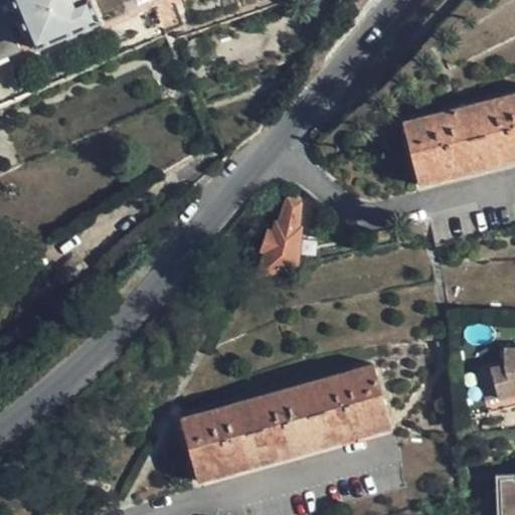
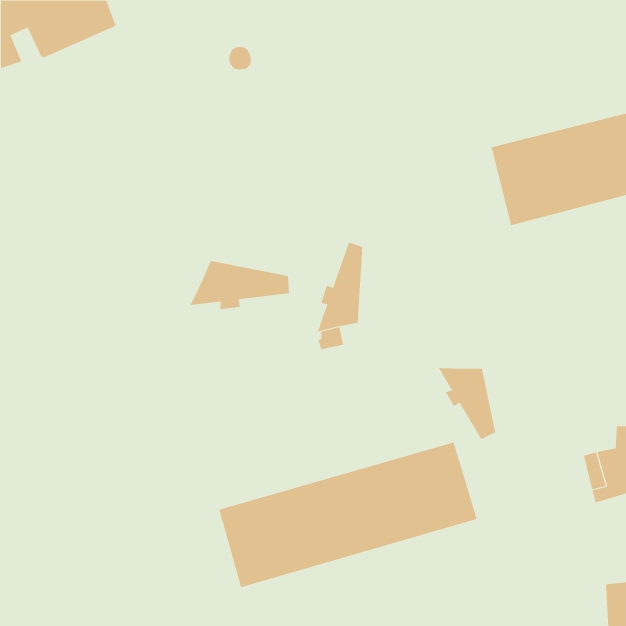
building: none -> [189,260,290,310]
building: none -> [438,367,496,440]

